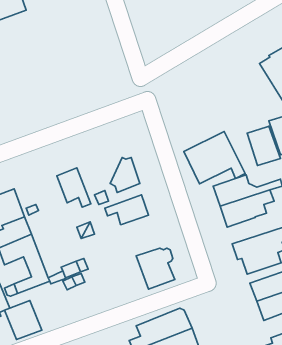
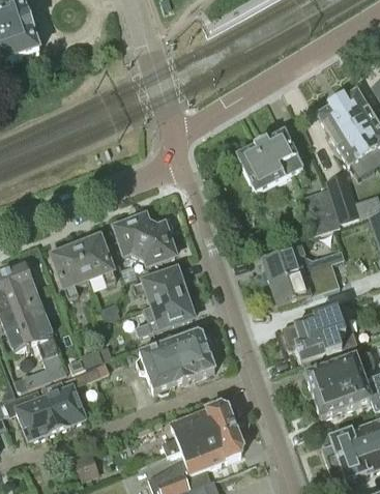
building: [184,132,245,184] -> [236,129,309,192]
building: none -> [115,213,153,254]
building: none -> [52,244,88,295]
building: none -> [135,291,193,333]
building: none -> [136,340,184,391]
building: none -> [43,381,87,428]

